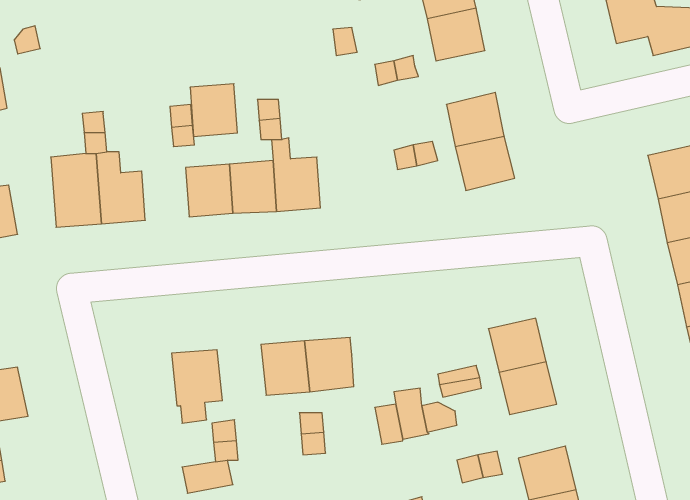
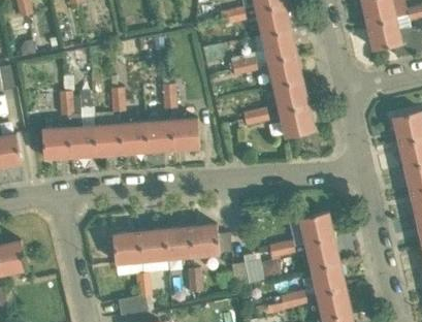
building: none -> [267,55,302,87]
building: [190,84,237,136] -> [94,124,122,155]
building: none -> [138,228,167,261]
building: none -> [311,263,344,295]

